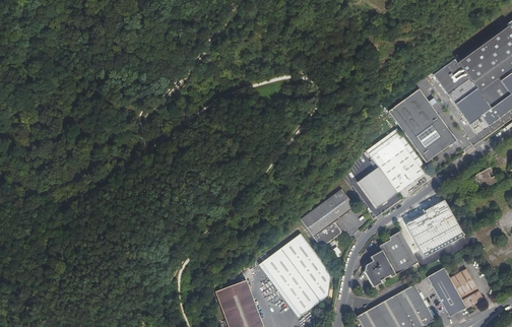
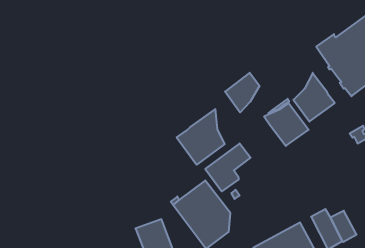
building: [389,87,431,135] -> [225,73,260,112]
building: none -> [177,109,225,165]
building: [358,168,397,208] -> none
building: [405,201,464,259] -> none
building: [366,232,418,286] -> none

